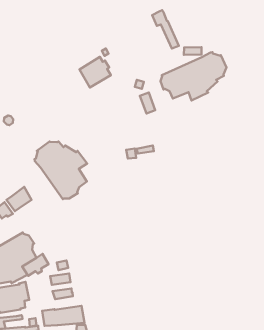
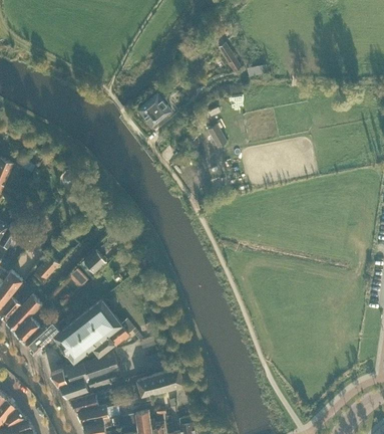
building: [160,52,227,100] -> none
building: [35,142,87,199] -> none

